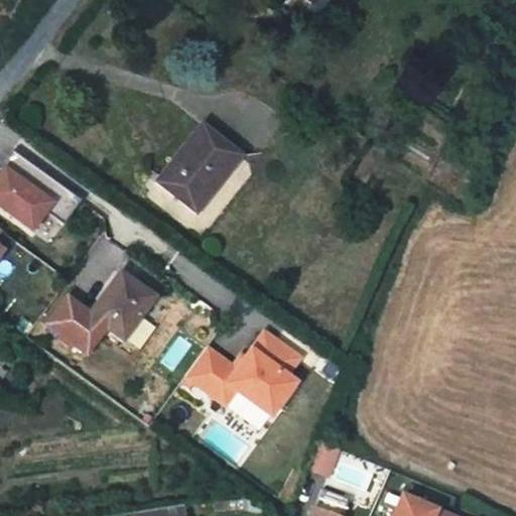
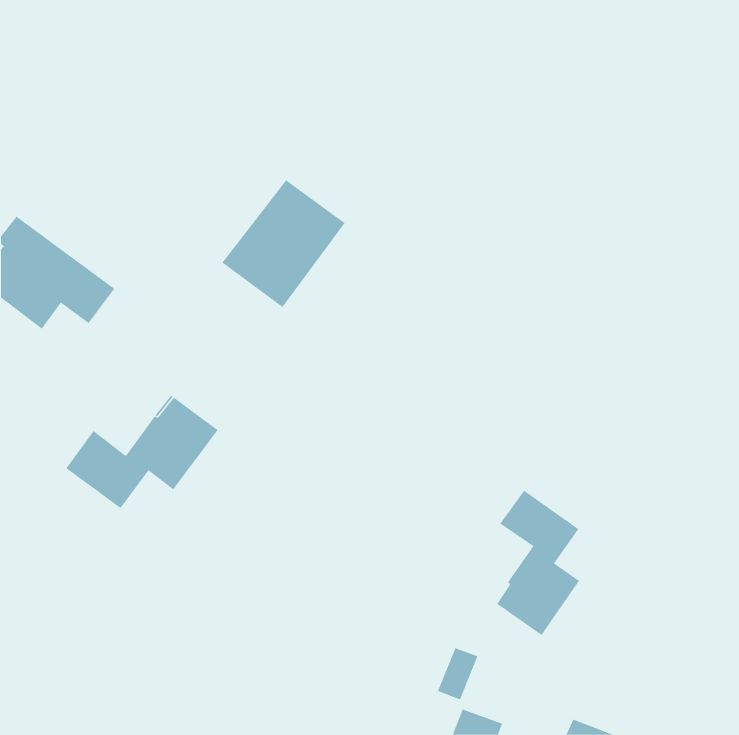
building: [181,334,299,418] -> none
building: none -> [496,490,580,636]

